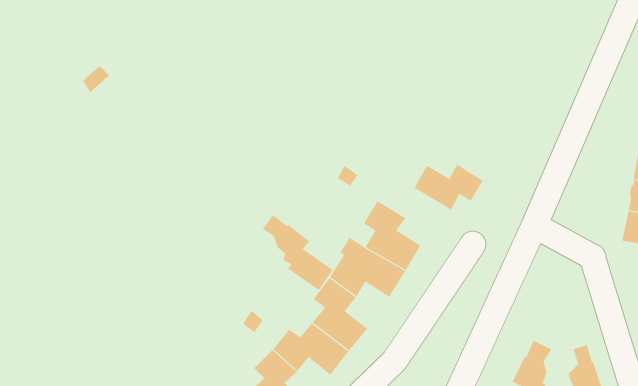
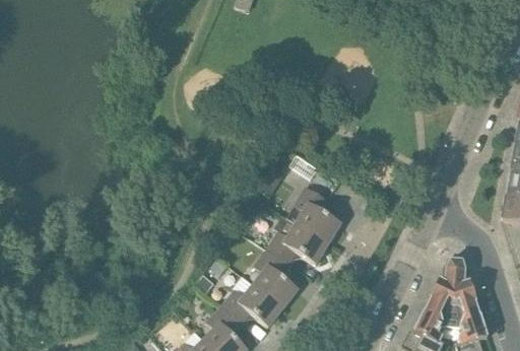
building: [414,164,483,210] -> none
building: [262,214,333,291] -> none
building: none -> [431,260,476,327]

